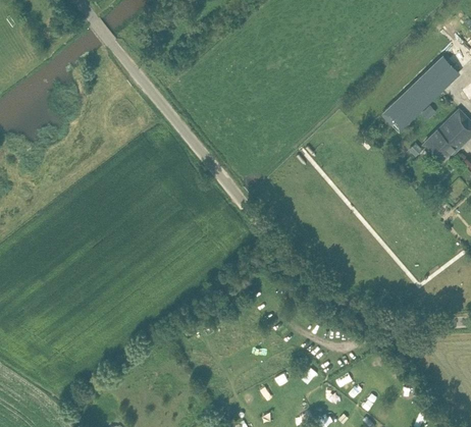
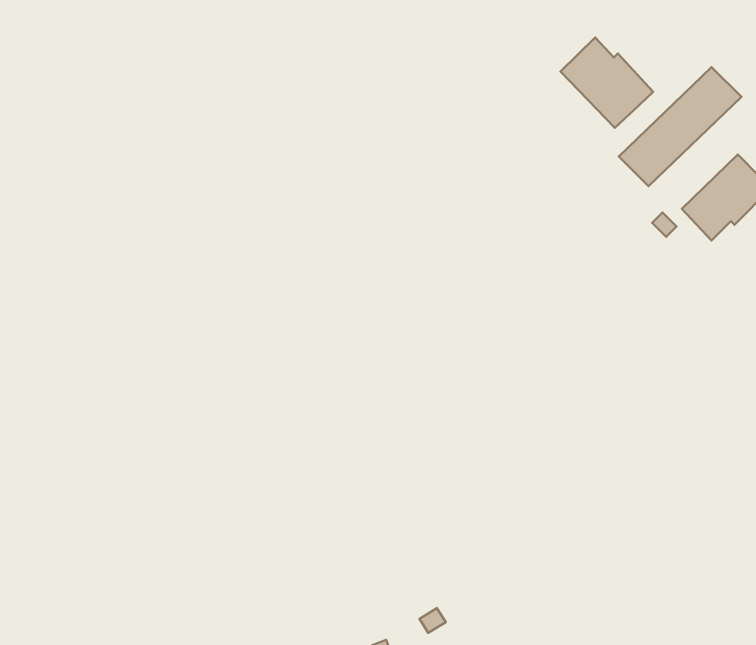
building: none -> [561,37,653,128]

